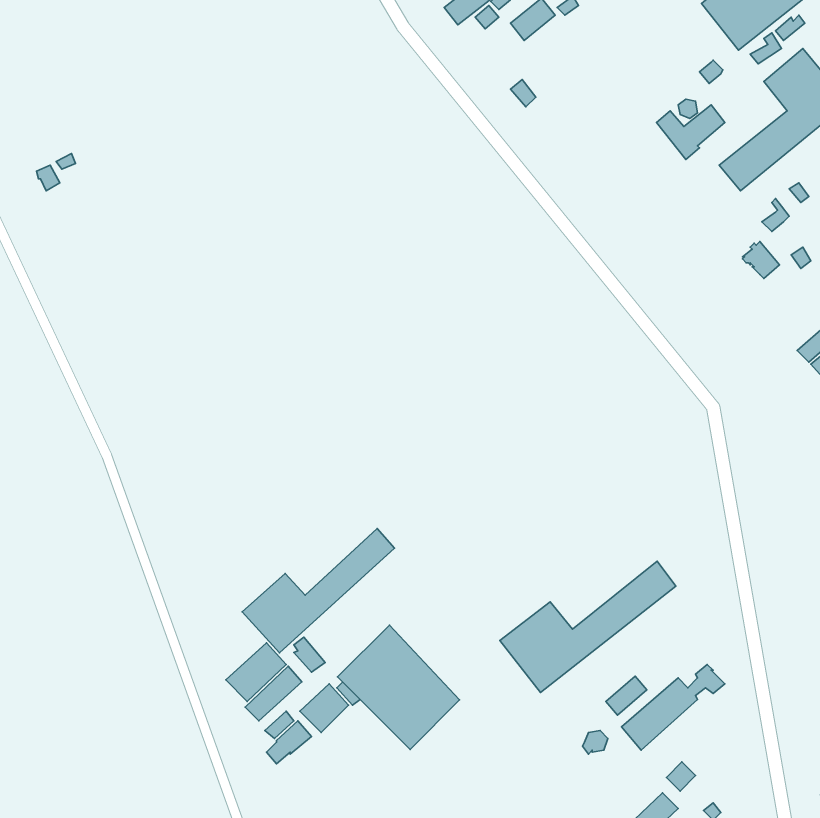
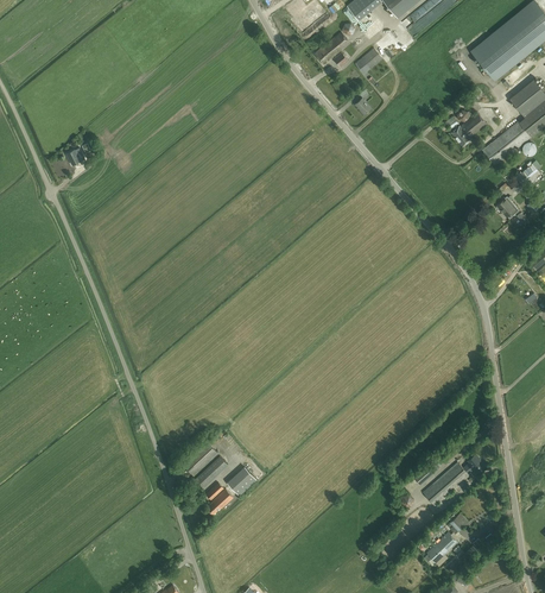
building: [242,528,394,653] -> none
building: [500,561,676,692] -> none
building: [338,625,460,749] -> none

